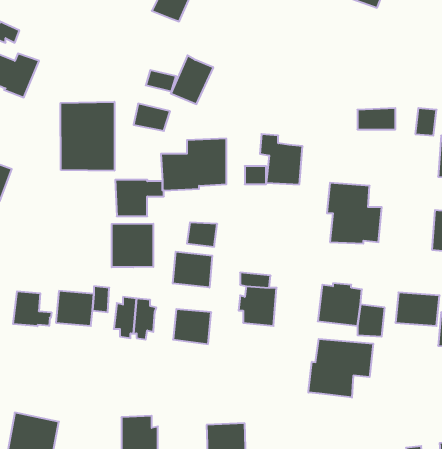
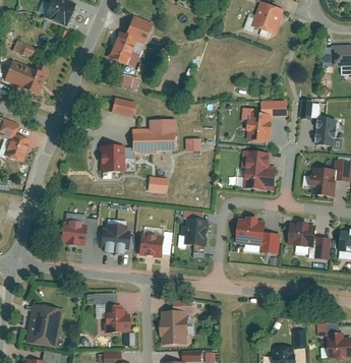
building: [171,55,213,104] -> [108,32,136,64]
building: [61,102,114,171] -> none
building: [260,134,303,184] -> [242,107,271,140]
building: [112,224,153,267] -> none
building: [173,252,212,288] -> none
building: [13,291,51,326] -> none
building: [308,339,373,398] -> none

